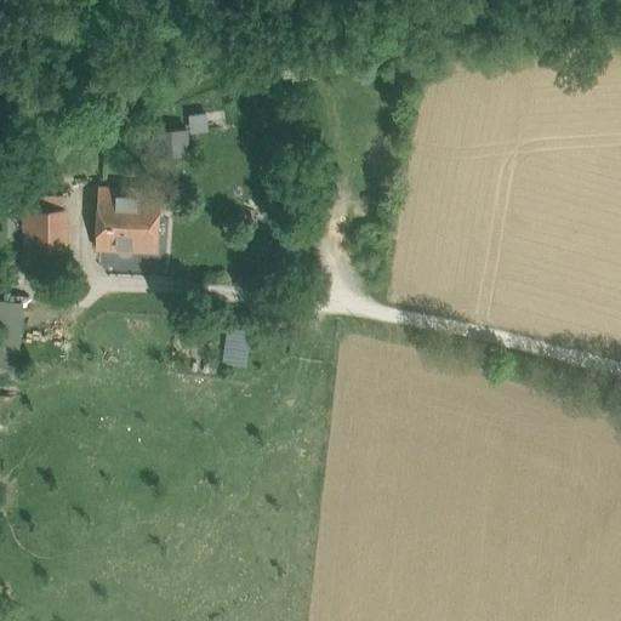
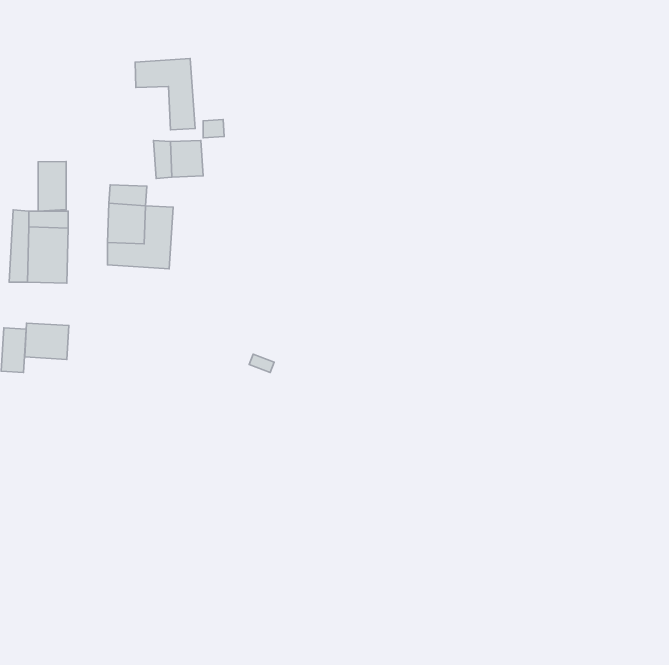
building: none -> [135,58,195,130]
building: none -> [38,162,66,211]
building: none -> [25,323,69,360]

